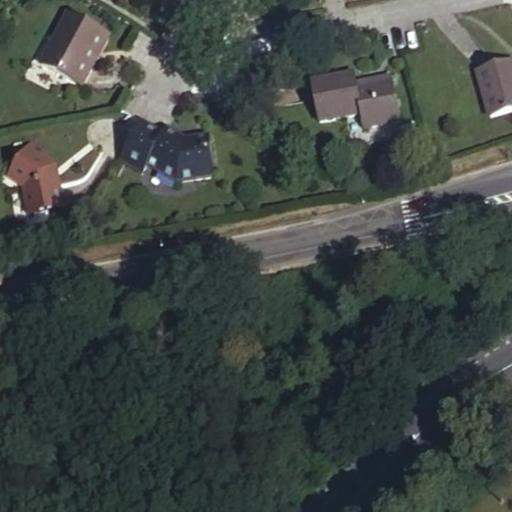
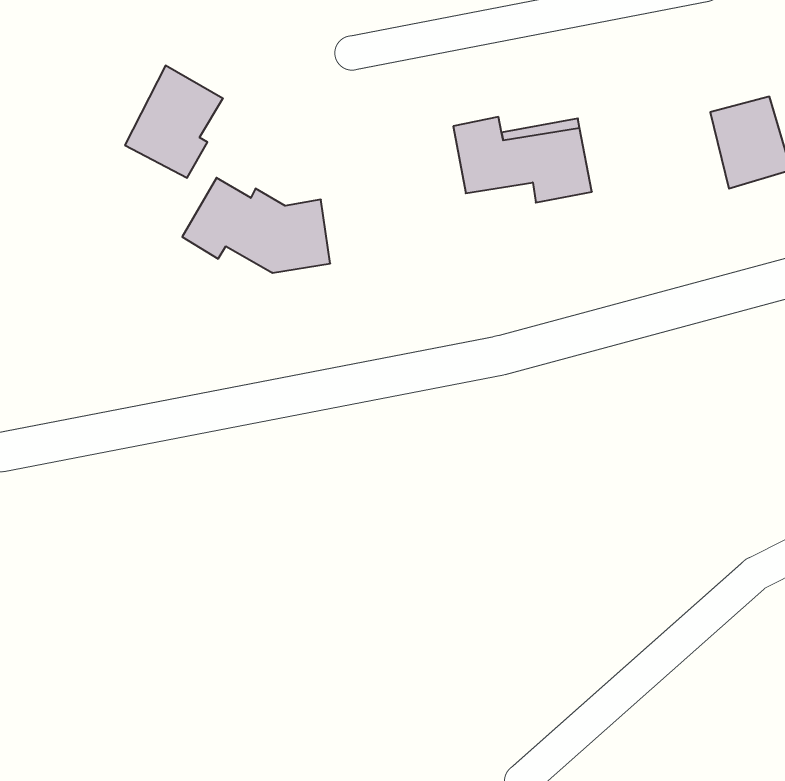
building: [43,5,106,77] -> [125,66,223,178]
building: [17,134,70,206] -> none

